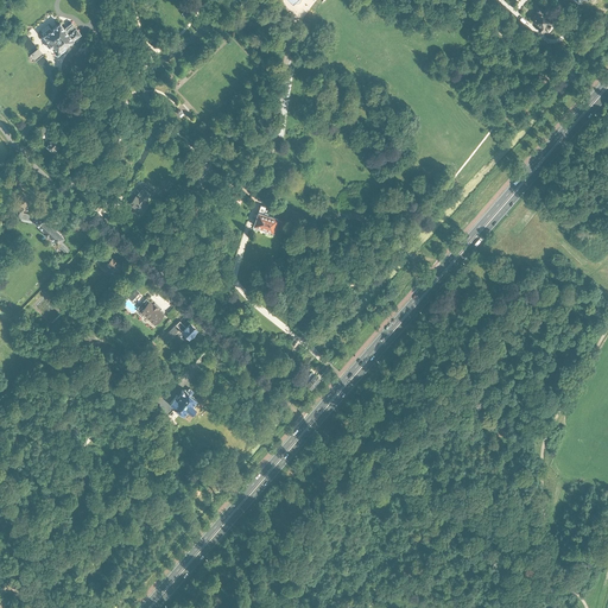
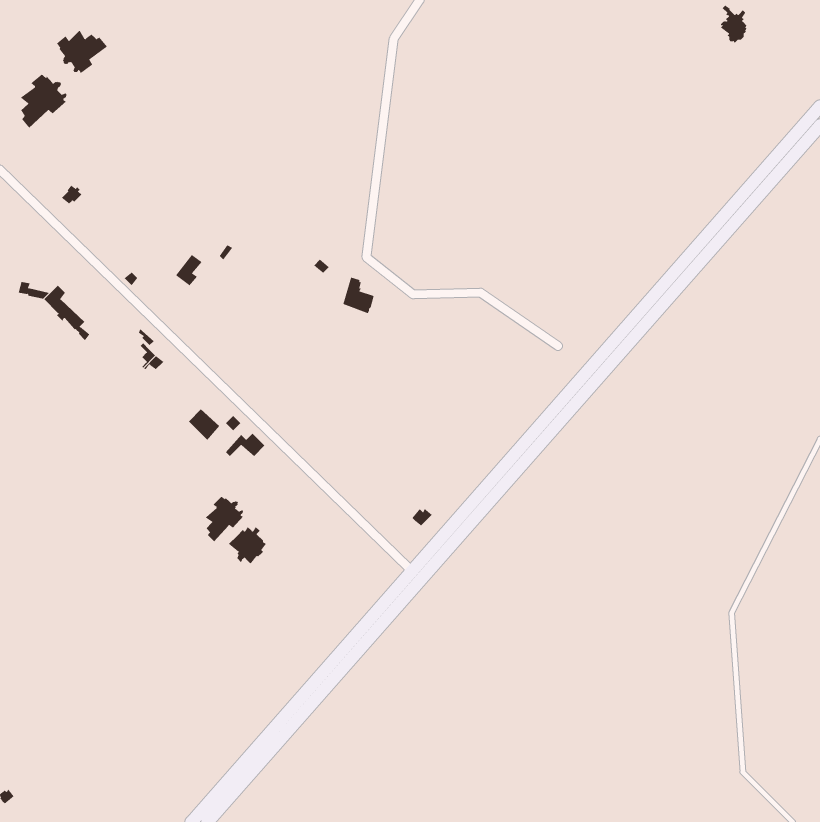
building: none -> [21,73,67,128]
building: none -> [205,496,244,542]

